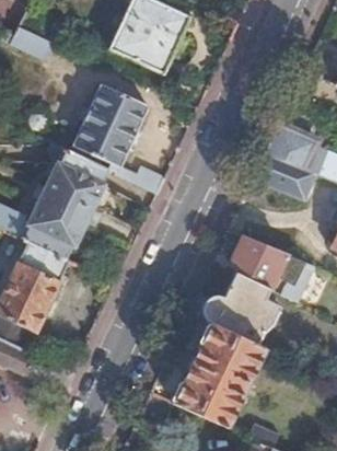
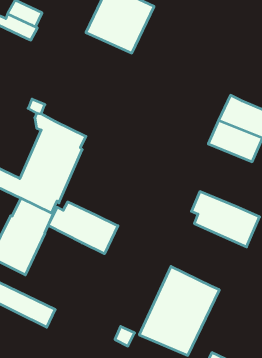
building: [71,86,164,194] -> none
building: none -> [48,202,118,254]
building: [205,273,274,346] -> none

